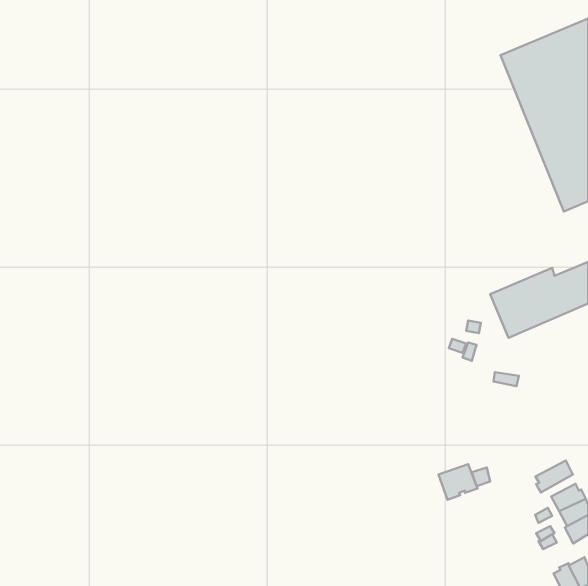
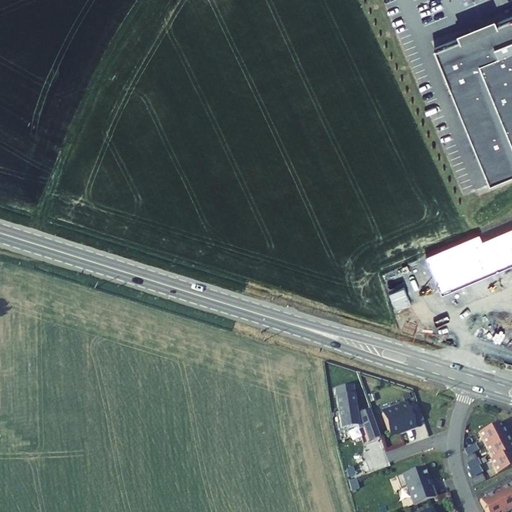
building: none -> [336,386,379,442]
building: [536,461,573,492] -> none
building: none -> [395,466,437,504]

